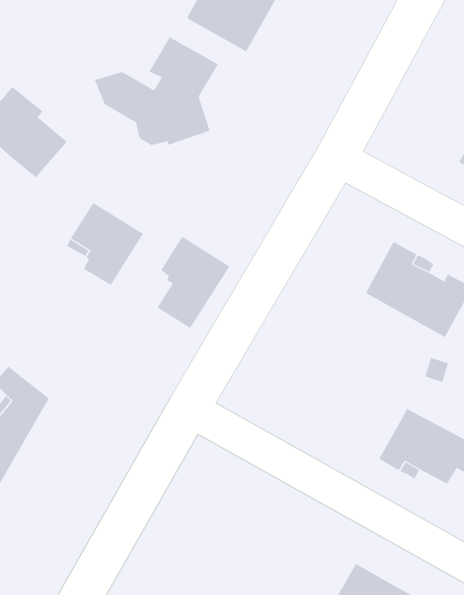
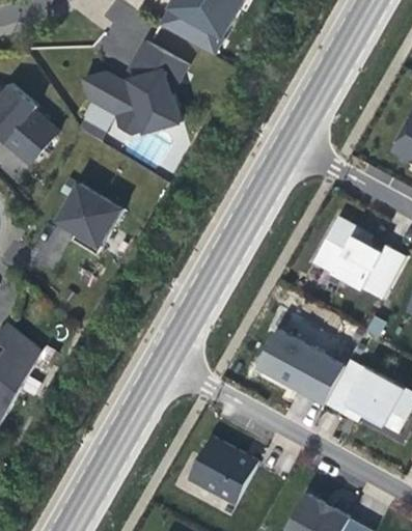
building: [157,236,230,329] -> none
building: none -> [257,330,346,403]
building: none -> [189,437,257,503]

